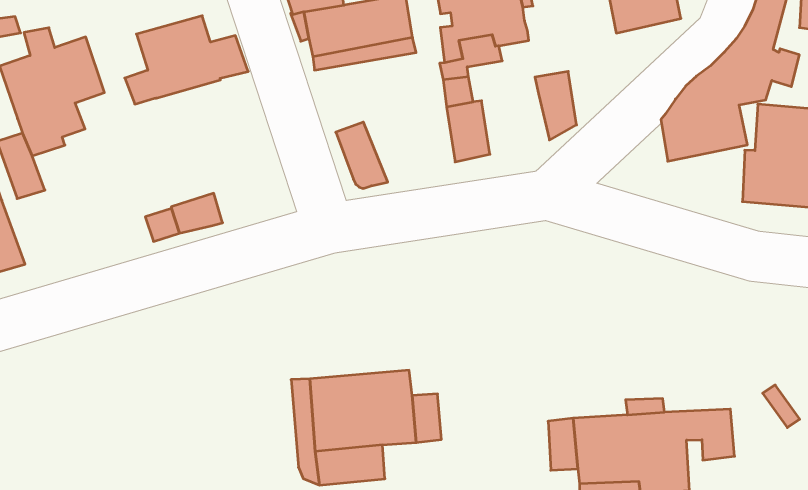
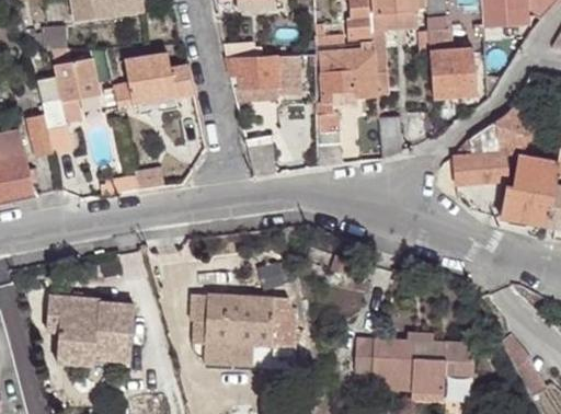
building: none -> [54,299,134,349]

